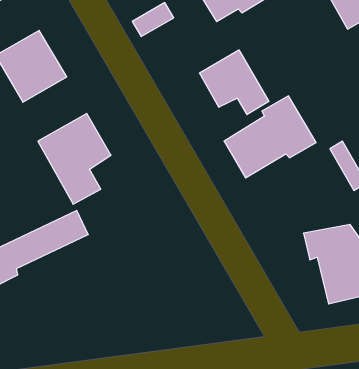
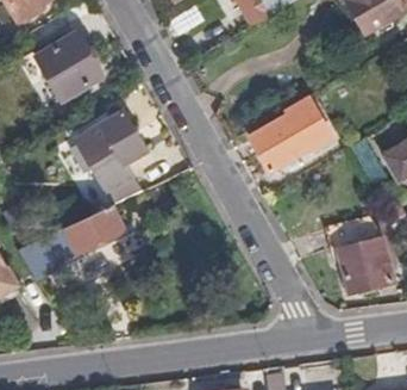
building: [199,50,269,115] -> none

